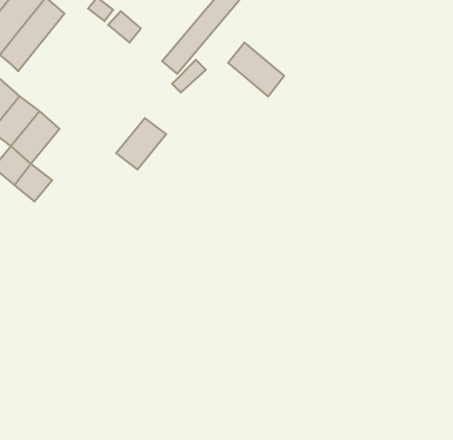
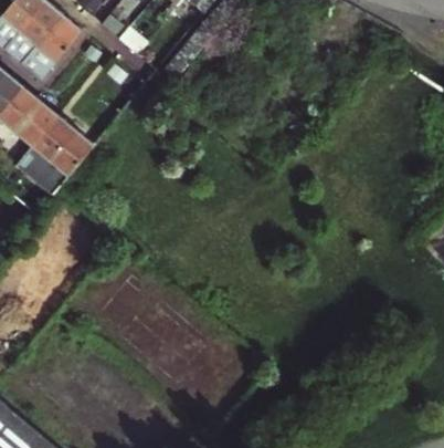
building: [228,42,284,97] -> none
building: [116,118,166,169] -> [47,129,92,175]

